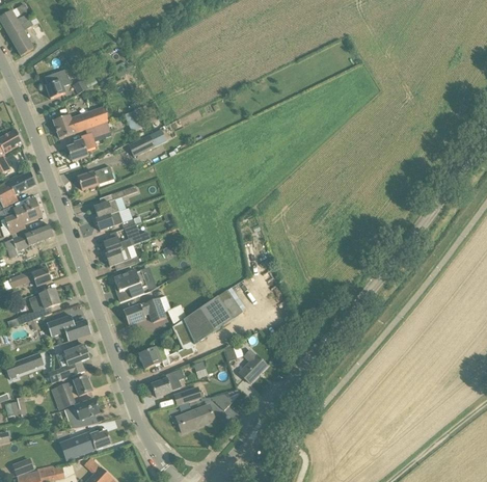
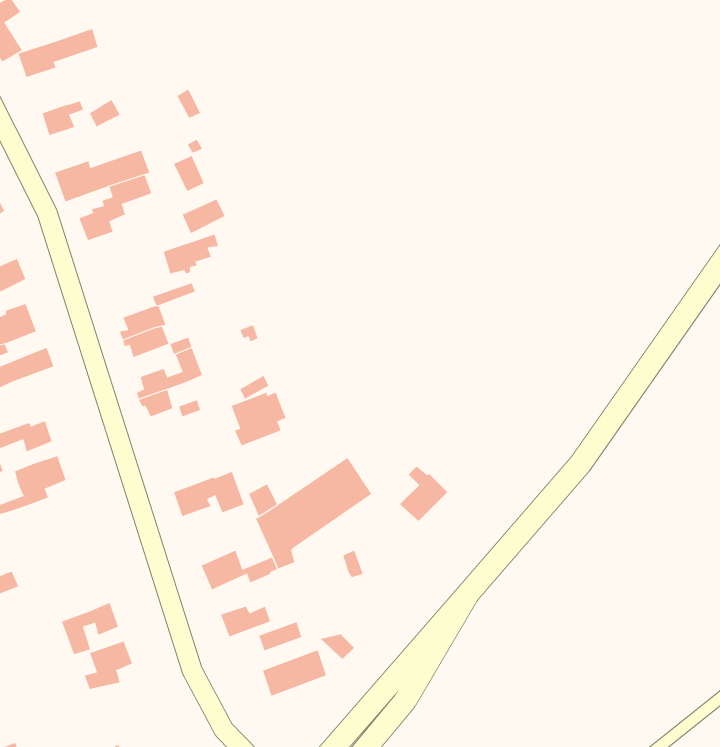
building: none -> [18,28,98,78]
building: [77,166,110,190] -> [163,234,219,274]
building: [113,269,146,301] -> [231,392,287,446]
building: [48,319,90,342] -> none
building: [47,344,88,383] -> none
building: [238,350,267,383] -> [399,466,448,522]
building: [71,428,110,452] -> none

